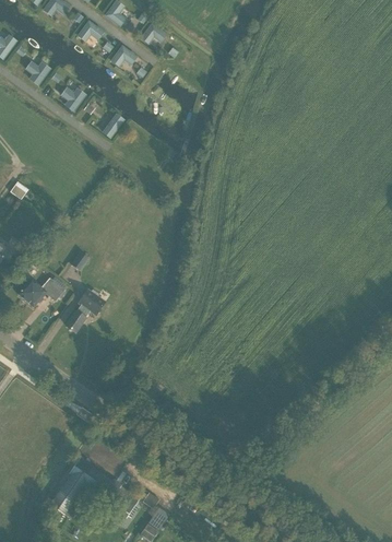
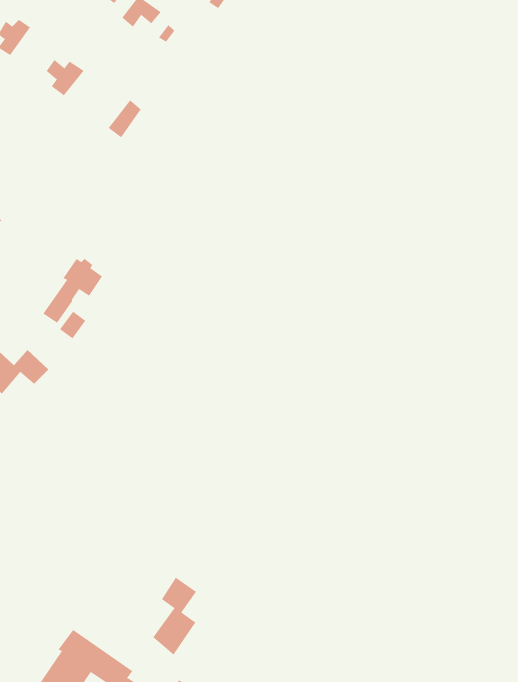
building: [64,288,104,331] -> [43,258,103,323]
building: none -> [152,577,197,655]

